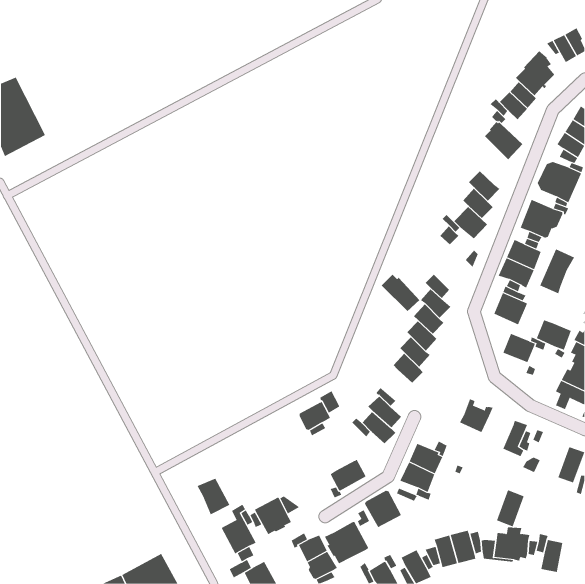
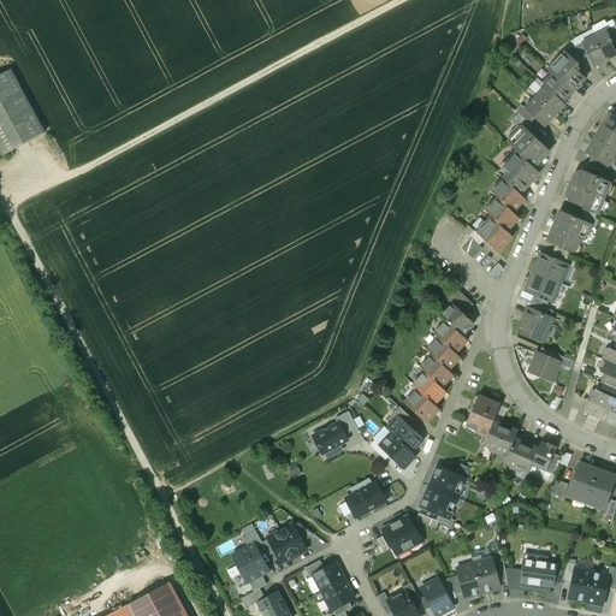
building: none -> [503,152,540,194]
building: [540,249,575,294] -> none
building: [381,274,420,312] -> none
building: [536,319,572,351] -> none
building: none -> [405,389,439,421]
building: none -> [464,395,499,436]
building: none -> [504,437,539,472]
building: [197,478,230,515] -> none
building: [496,489,525,527] -> [568,462,598,502]
building: [324,521,369,564] -> none
building: none -> [586,570,609,605]

